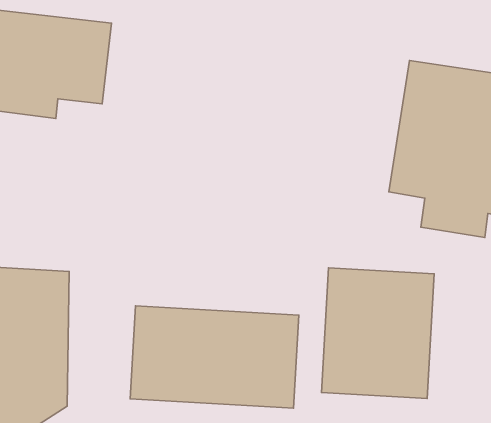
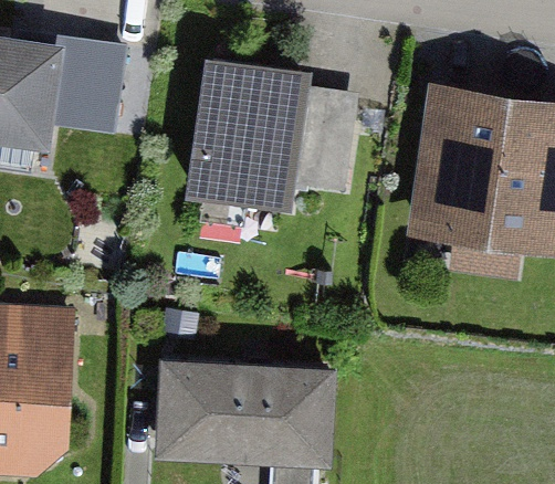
building: none -> [202,66,360,208]
building: [321,268,434,399] -> none

